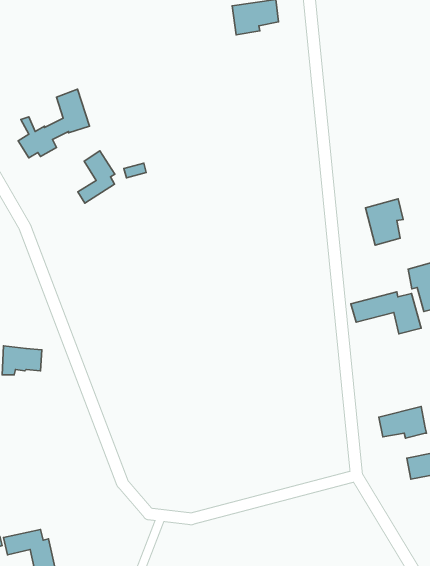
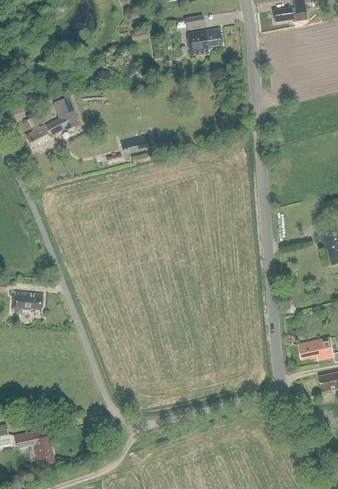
building: [78,151,115,203] -> none
building: [365,199,403,245] -> none
building: [351,292,421,334] -> none

